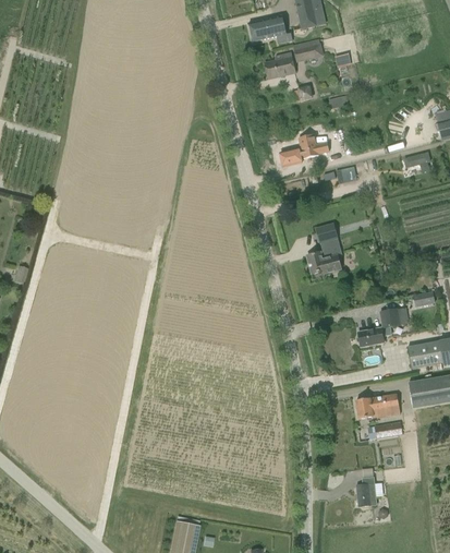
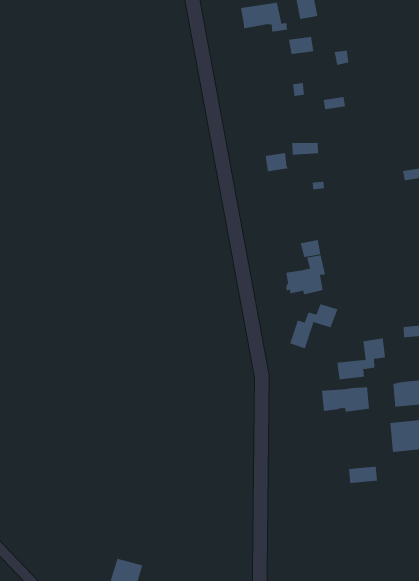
building: [265,52,294,77] -> none
building: none -> [289,304,338,349]
building: [355,394,400,419] -> [321,387,370,412]
building: [356,477,376,506] -> none

